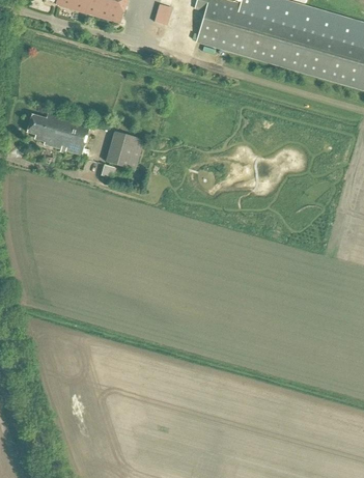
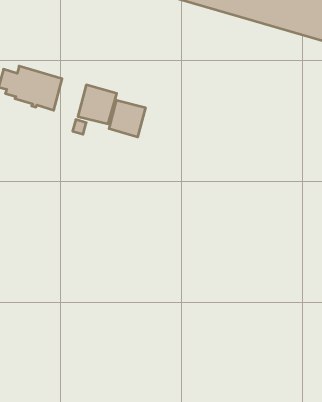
building: none -> [109,100,145,137]

